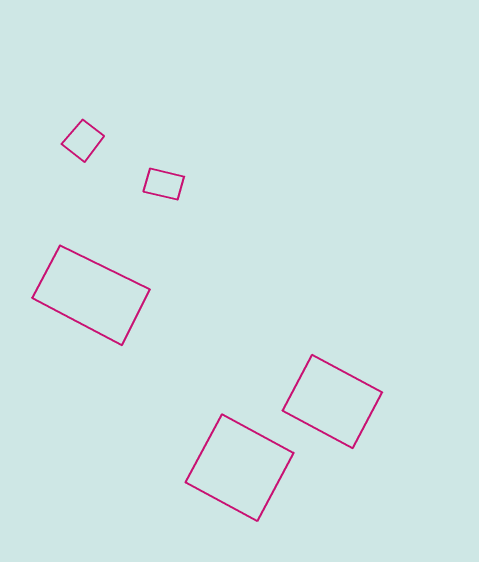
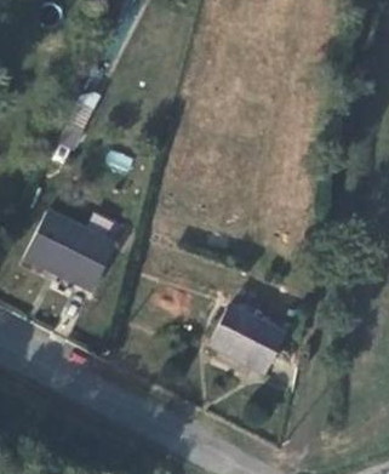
building: [186,414,294,521] -> none

